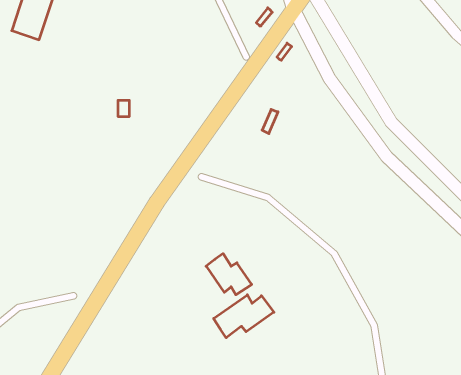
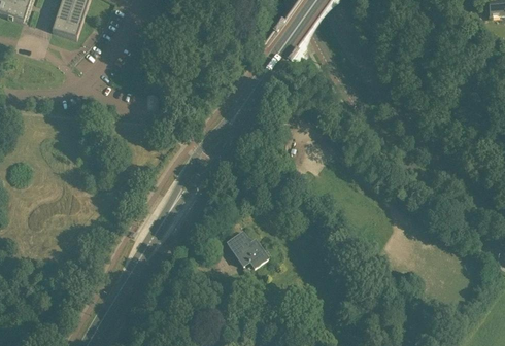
building: [214,295,274,338] -> none

